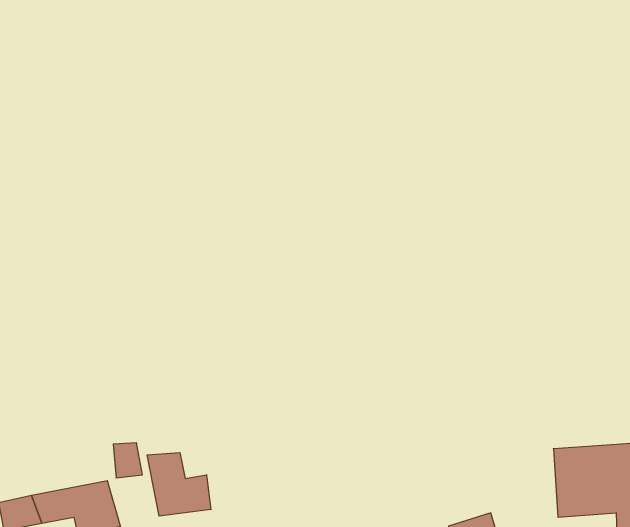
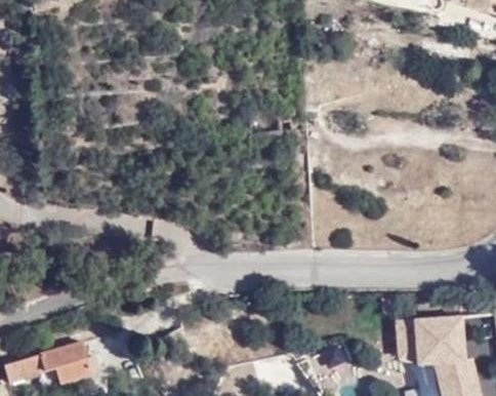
building: [147,453,211,516] -> none

